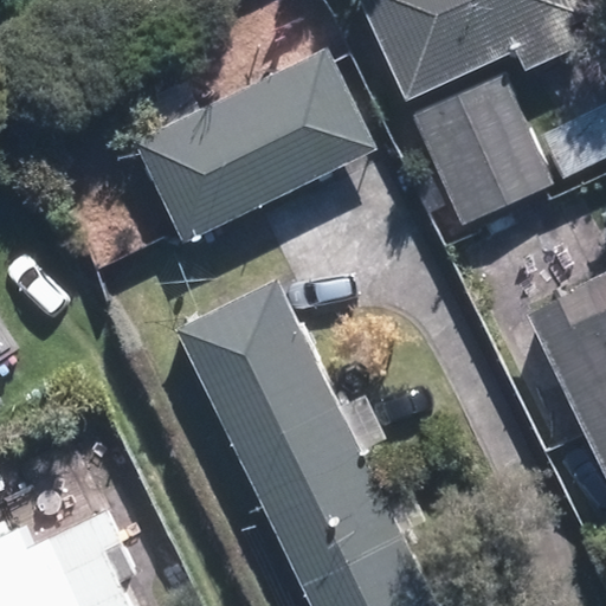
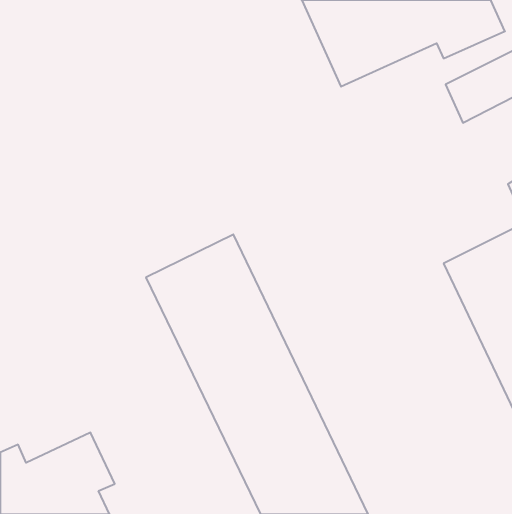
building: [134,46,378,245] -> none
building: [415,73,553,228] -> none

